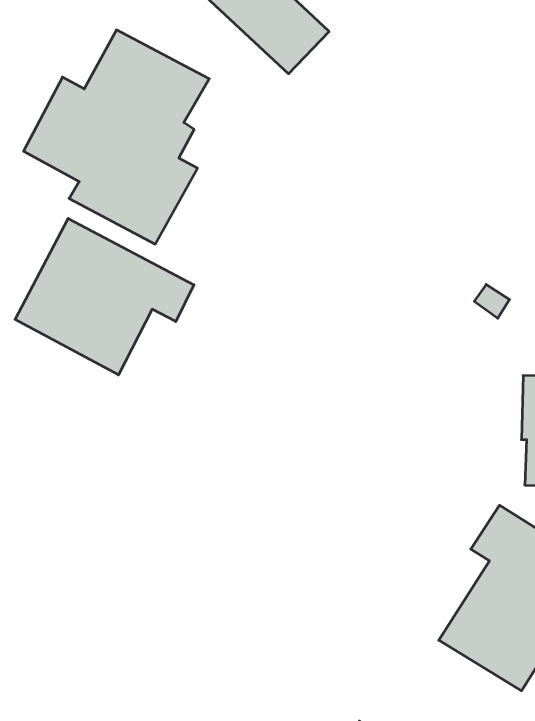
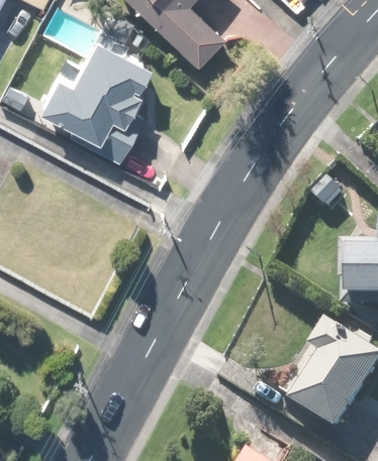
building: [15,218,194,375] -> none

